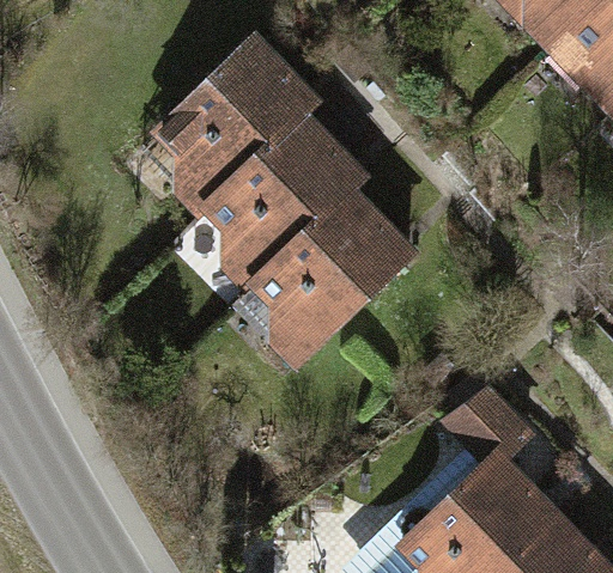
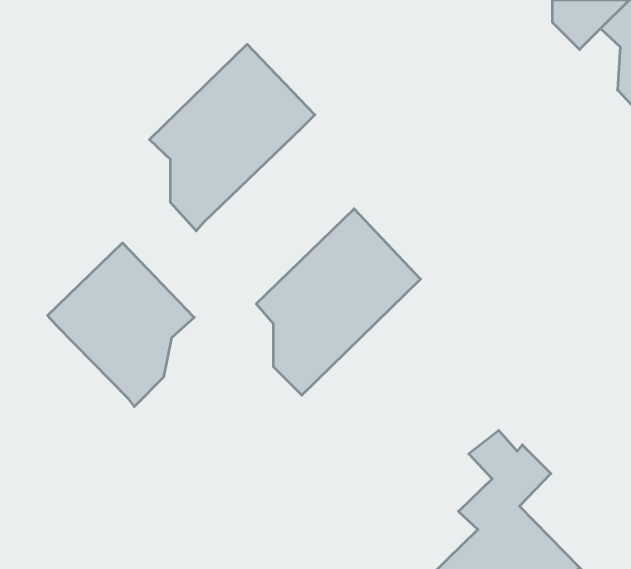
building: [211,117,360,286] -> none
building: none -> [48,243,194,407]

